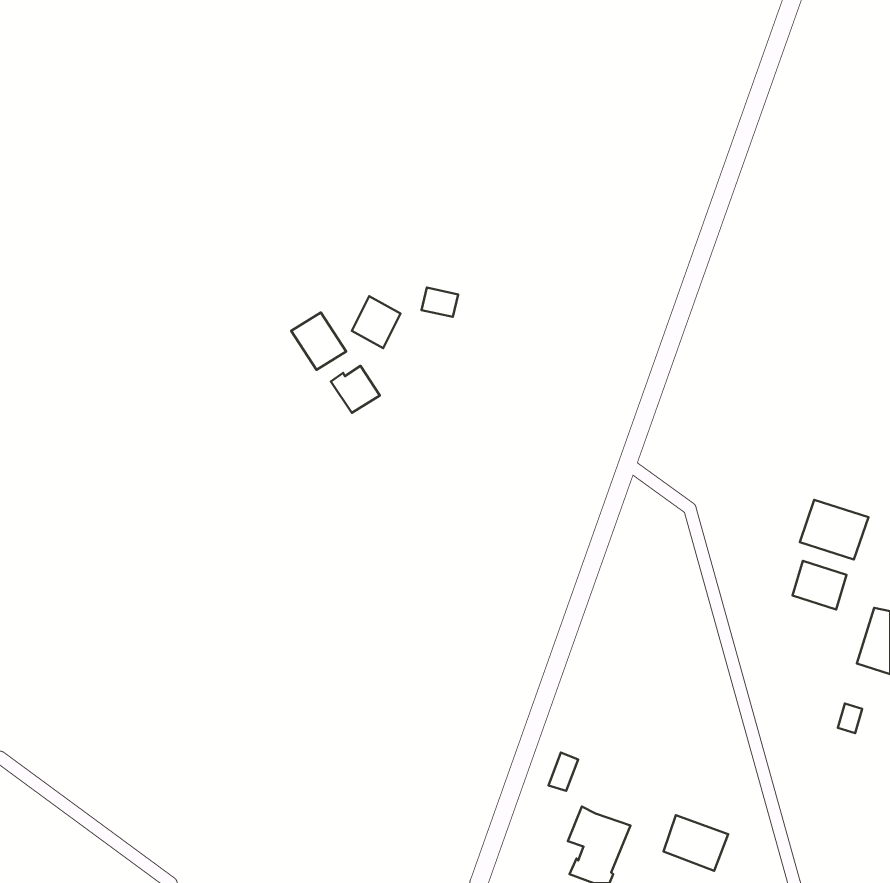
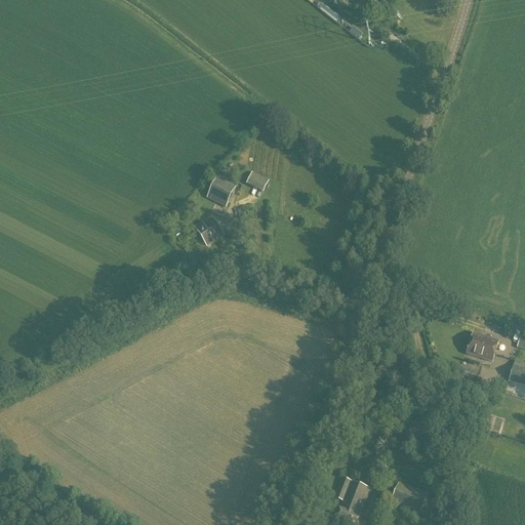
building: [291,312,346,370] -> none
building: [800,500,868,559] -> none

